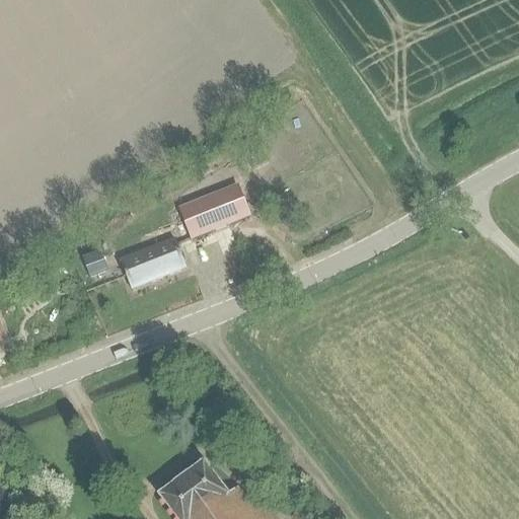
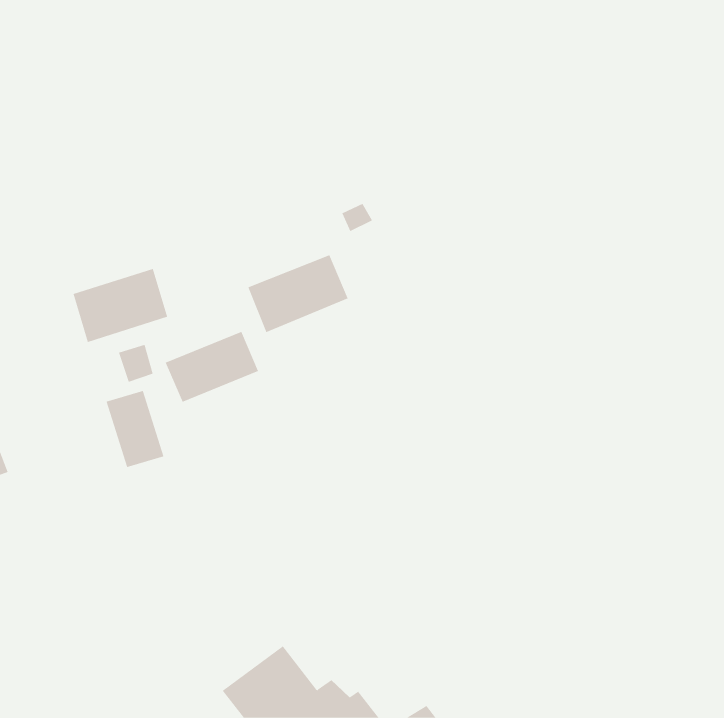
building: none -> [73,268,168,343]
building: none -> [106,390,164,468]

